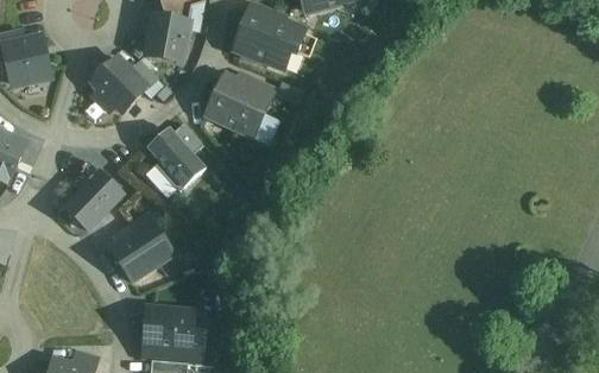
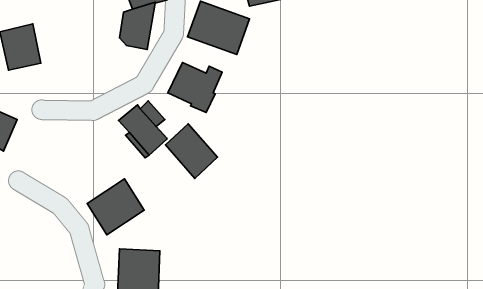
building: [89,52,151,114] -> none
building: none -> [165,124,218,178]
building: [64,164,131,230] -> none

